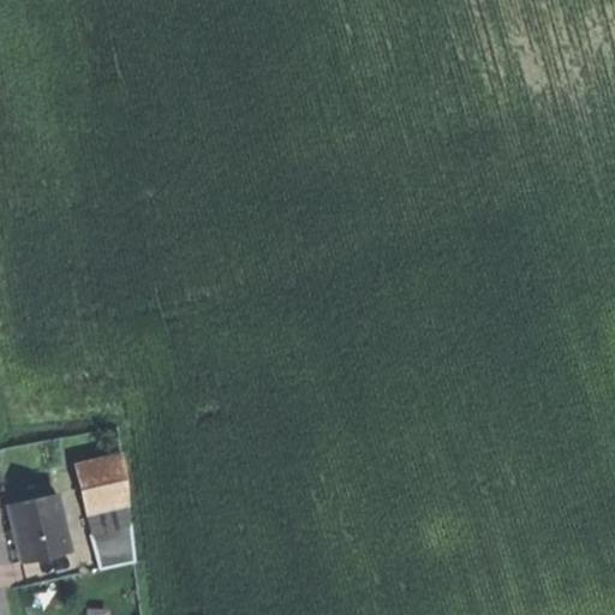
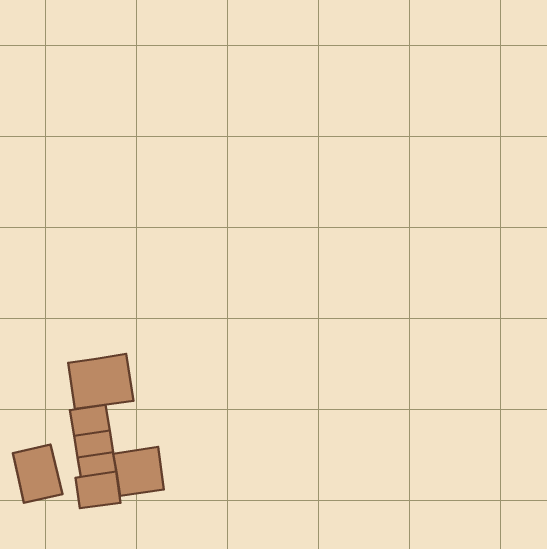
building: none -> [68,354,133,409]
building: none -> [113,447,164,496]

